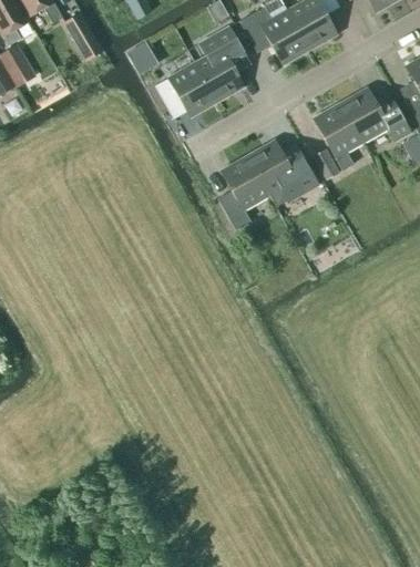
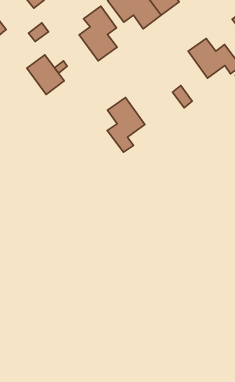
building: [168,62,217,116] -> [27,55,64,94]
building: [314,102,363,169] -> none
building: [248,140,316,195] -> none

